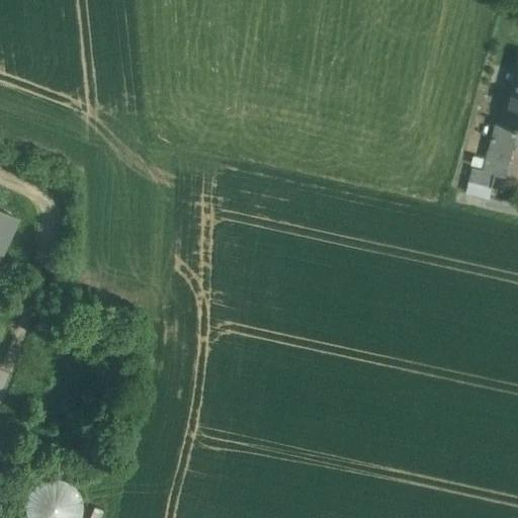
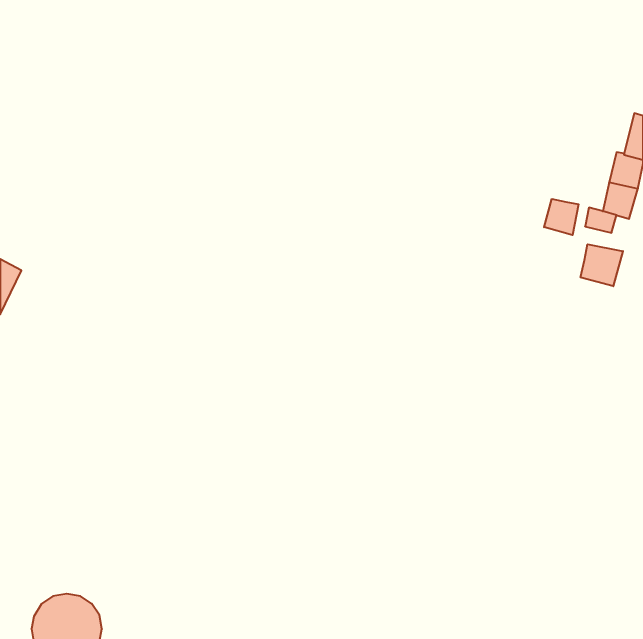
building: none -> [544,199,579,235]
building: none -> [581,244,623,286]

